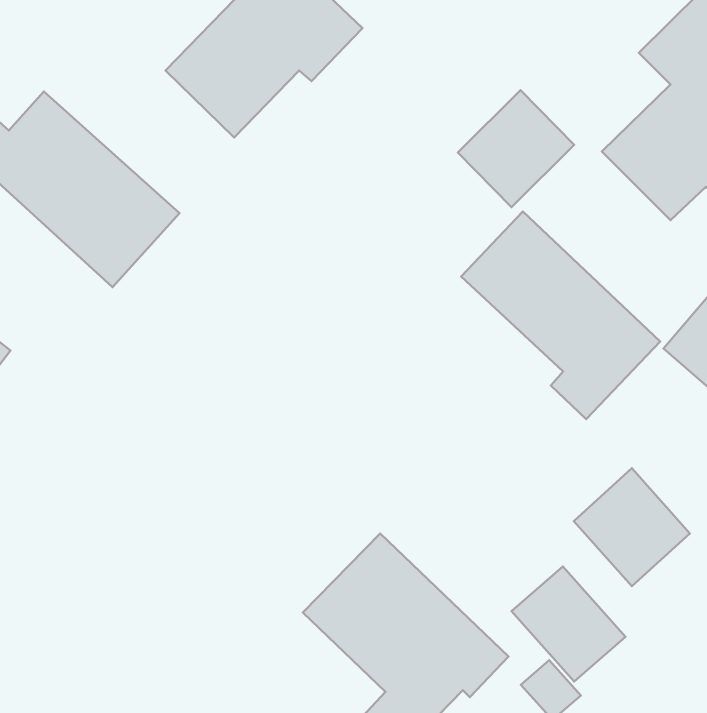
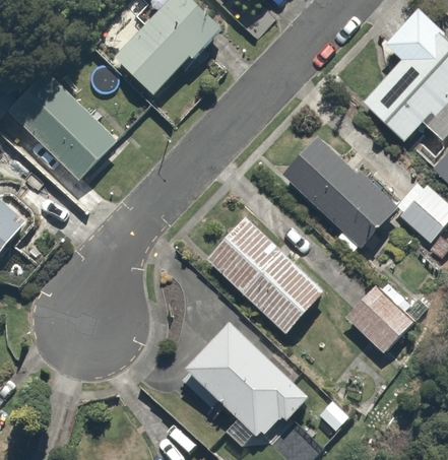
building: [458,90,574,207] -> none
building: none -> [204,216,322,332]
building: [511,567,626,682] -> none

